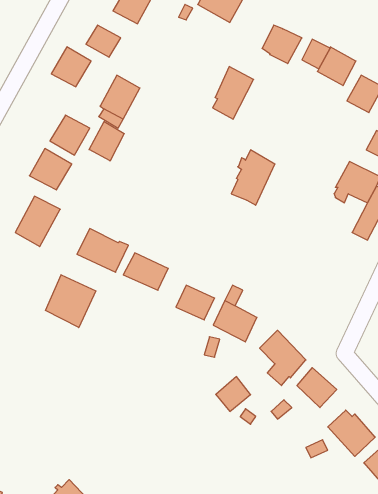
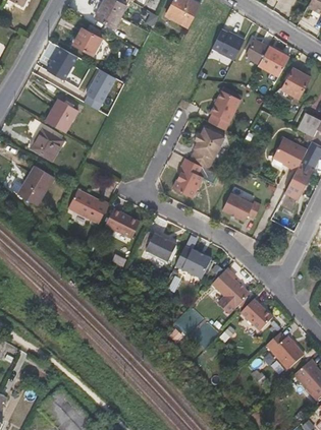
building: [213,67,254,119] -> [208,89,240,131]
building: [89,121,124,161] -> none
building: none -> [171,160,201,197]
building: none -> [221,193,260,222]
building: [45,275,96,328] -> none

